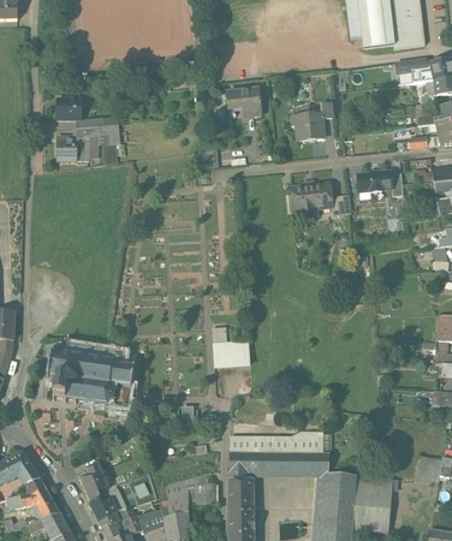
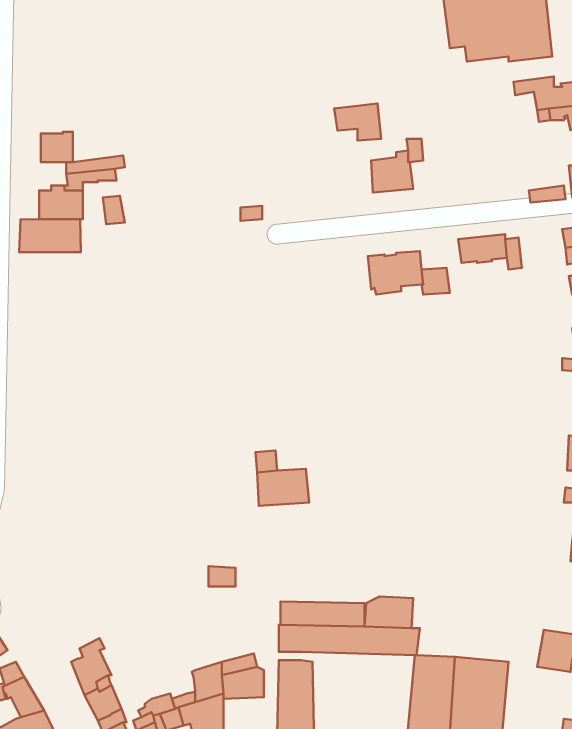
building: [226,88,260,114] -> [334,104,381,140]
building: none -> [19,219,81,252]
building: [47,344,133,408] -> none

